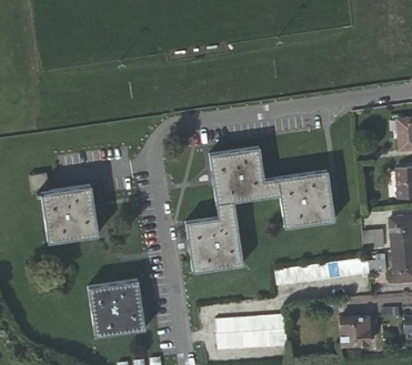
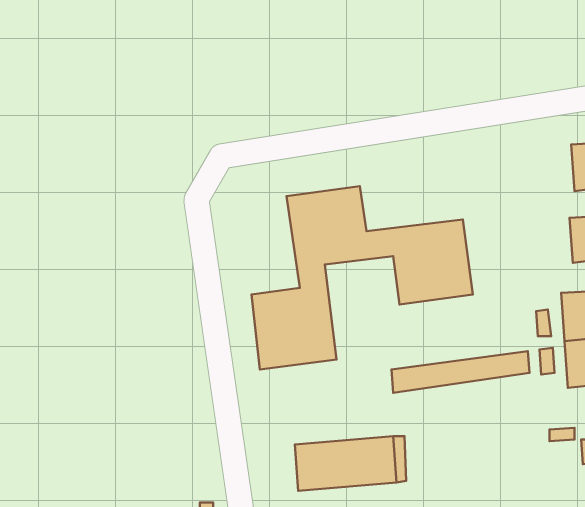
building: [28,170,96,237] -> none
building: [84,277,141,333] -> none
building: [340,316,370,346] -> none

